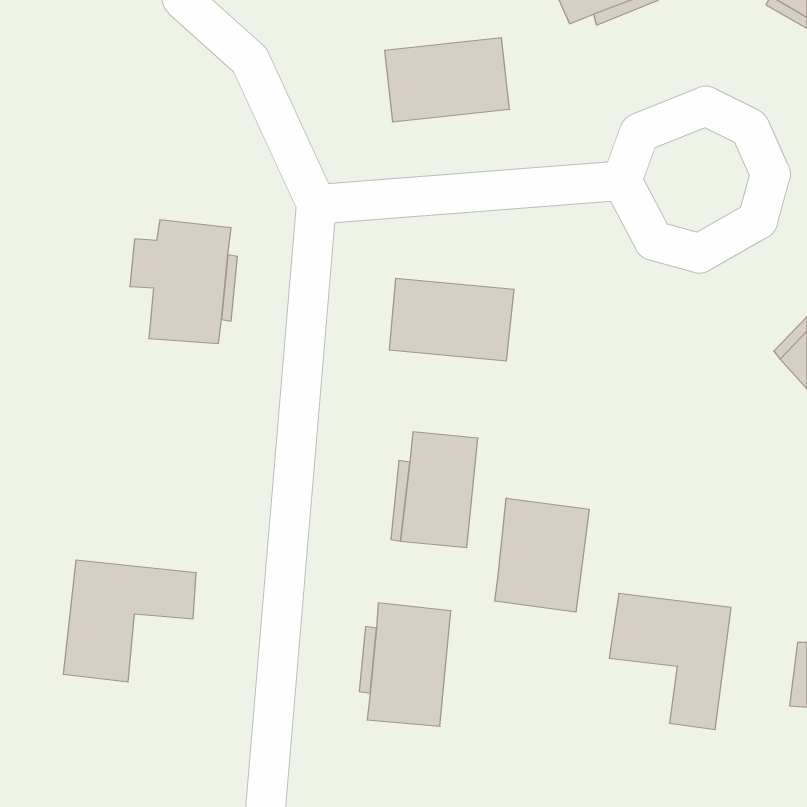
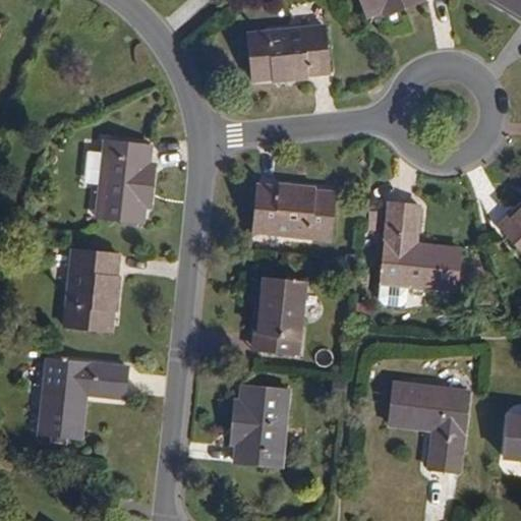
building: none -> [383,205,460,291]
building: none -> [64,252,118,331]
building: [495,498,589,612] -> none

